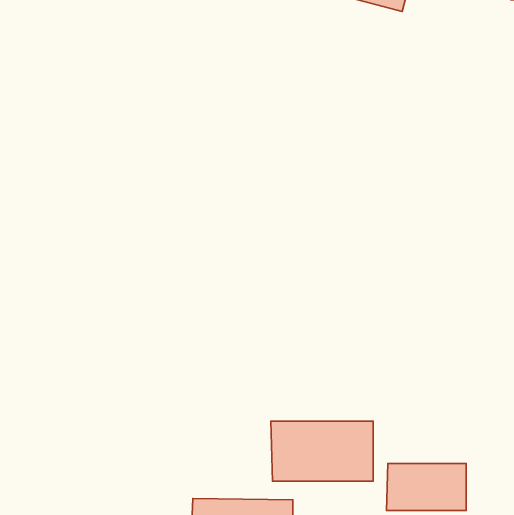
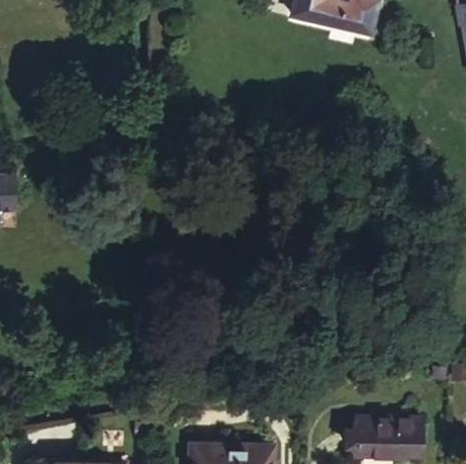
building: [271,421,373,481] -> none

